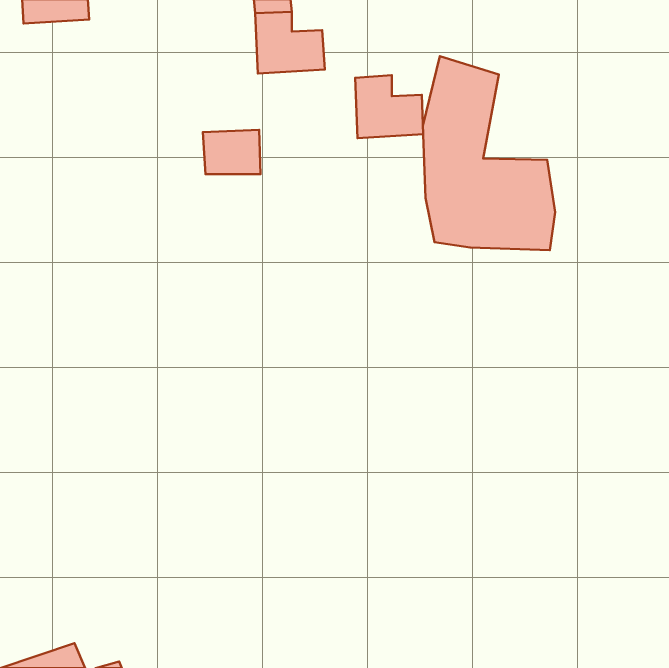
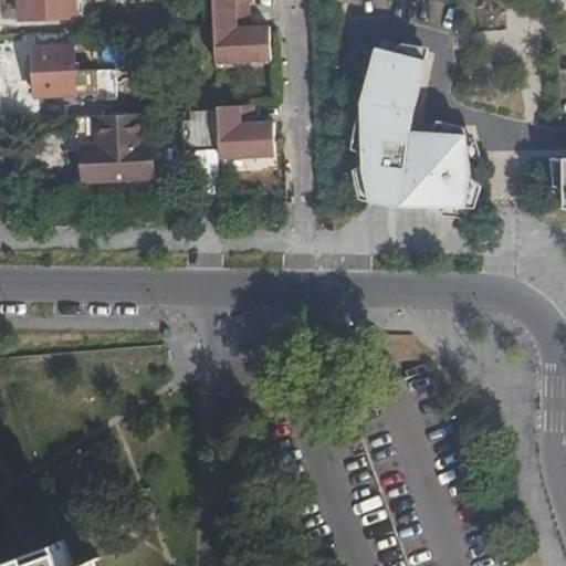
building: none -> [33,45,98,95]
building: [355,75,423,138] -> [220,105,277,158]
building: none -> [90,118,149,172]

